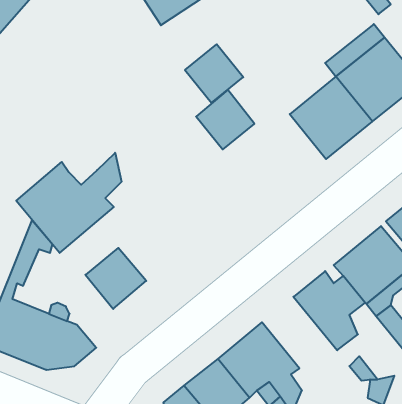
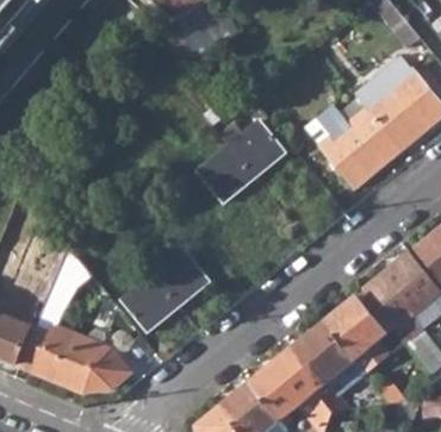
building: [185,44,243,103] -> [197,143,254,200]
building: [16,153,121,253] -> none
building: none -> [151,245,210,303]
building: none -> [292,319,366,411]

